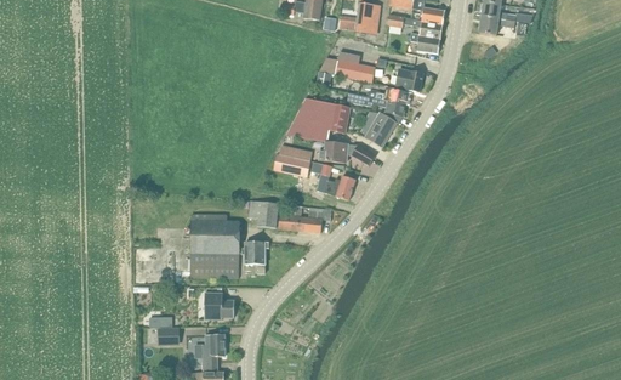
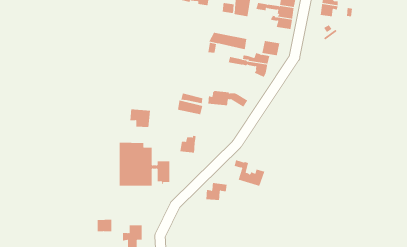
building: [287,98,351,142] -> none
building: [365,113,397,147] -> none
building: [310,161,355,200] -> [234,160,265,187]
building: [249,200,279,227] -> [130,109,151,128]
building: [300,206,331,232] -> [205,183,227,200]
building: [204,291,234,318] -> none

